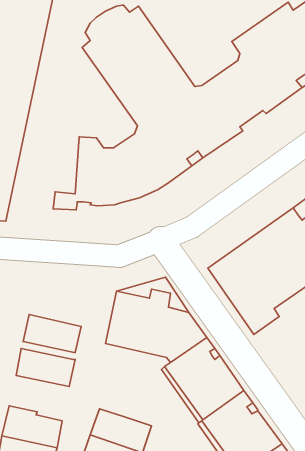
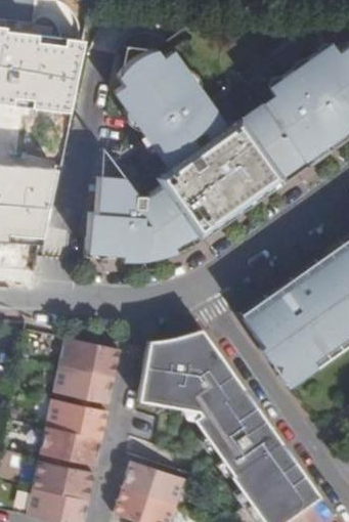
building: none -> [88,177,130,243]
building: none -> [61,338,121,378]
building: none -> [41,428,102,467]

